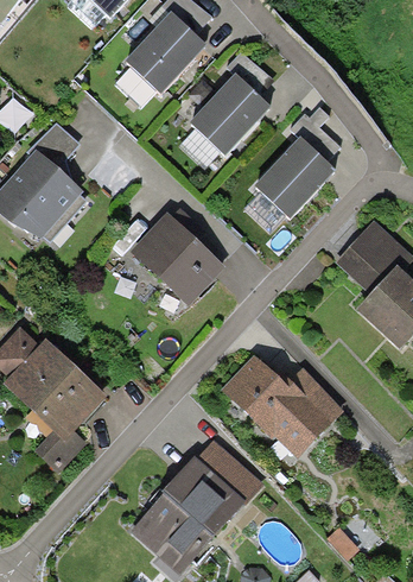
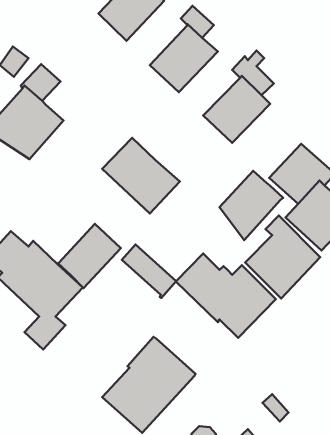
building: none -> [220,171,283,240]
building: none -> [245,215,320,298]
building: none -> [58,224,121,288]
building: [197,439,263,505] -> [122,244,176,298]

